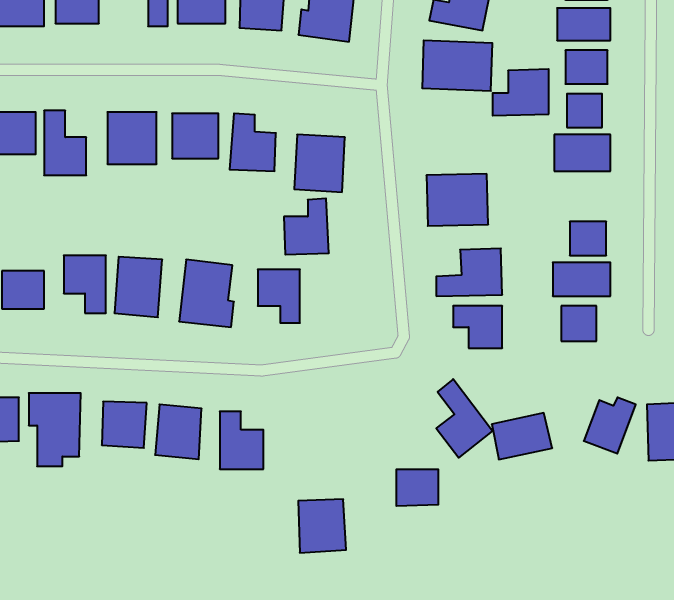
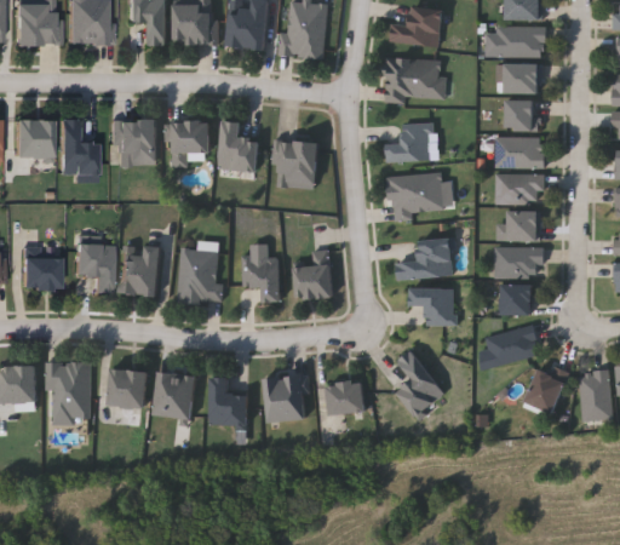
building: [493,69,549,116] -> [386,121,435,161]
building: none -> [498,176,546,205]
building: [284,198,329,255] -> [293,249,332,298]
building: [492,413,552,459] -> [489,327,541,367]
building: [396,469,438,506] -> [327,382,363,413]
building: [298,499,346,553] -> [264,375,305,421]

